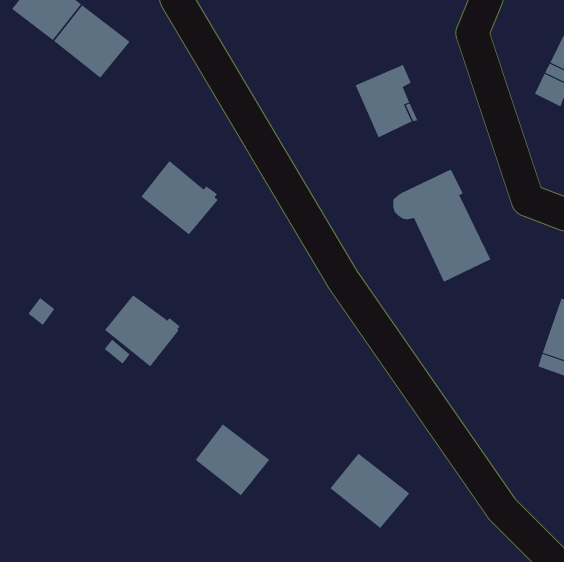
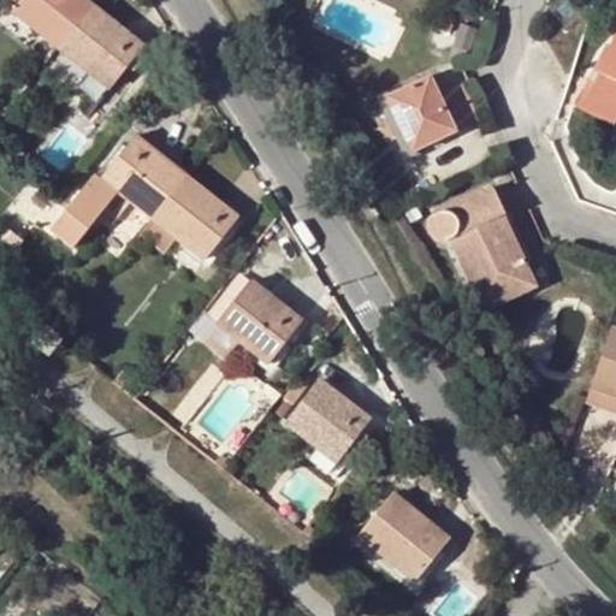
building: none -> [52,136,185,245]
building: [104,294,180,367] -> [219,280,302,360]
building: [195,423,270,496] -> [288,379,369,458]

